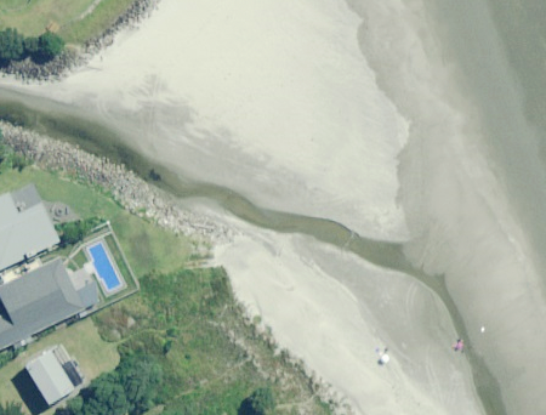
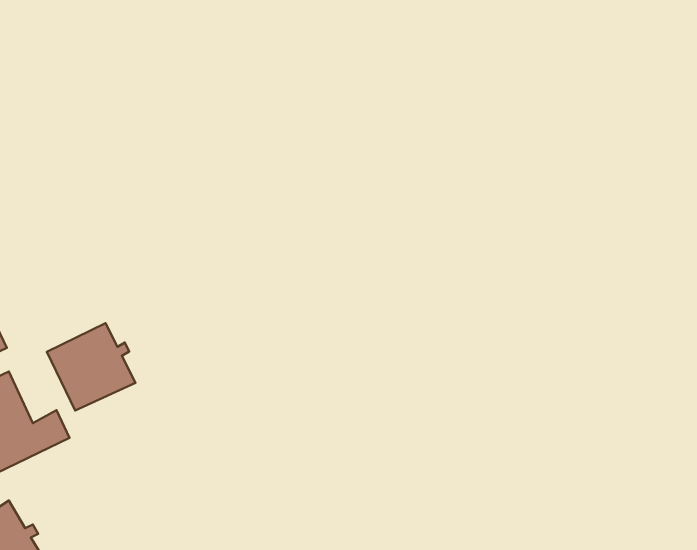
building: none -> [47,323,136,411]

